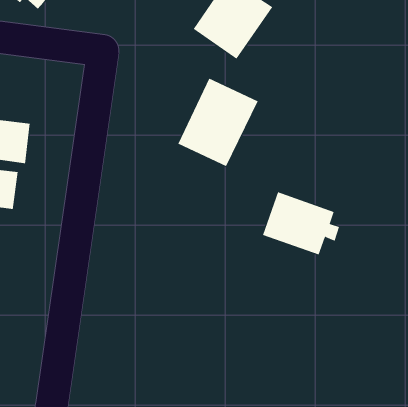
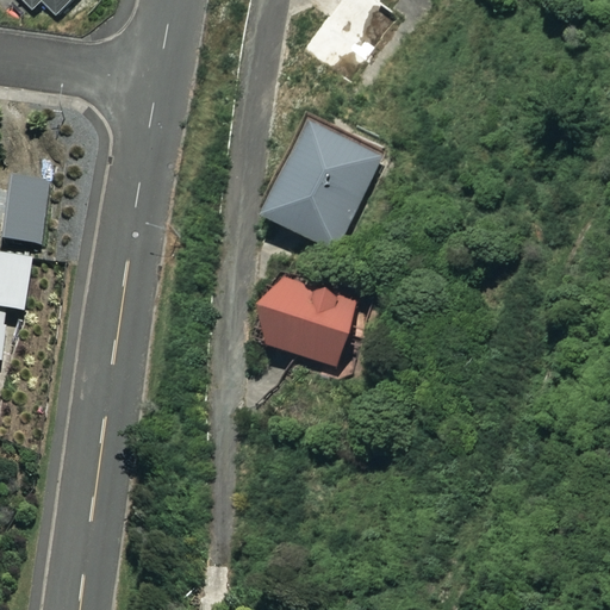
building: [262,192,340,255] -> [251,272,367,366]

